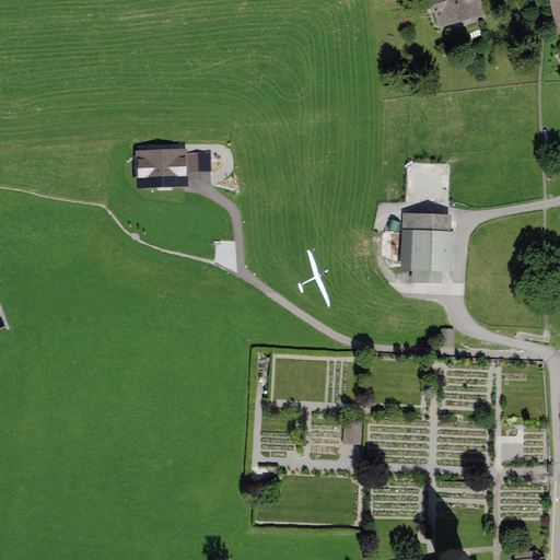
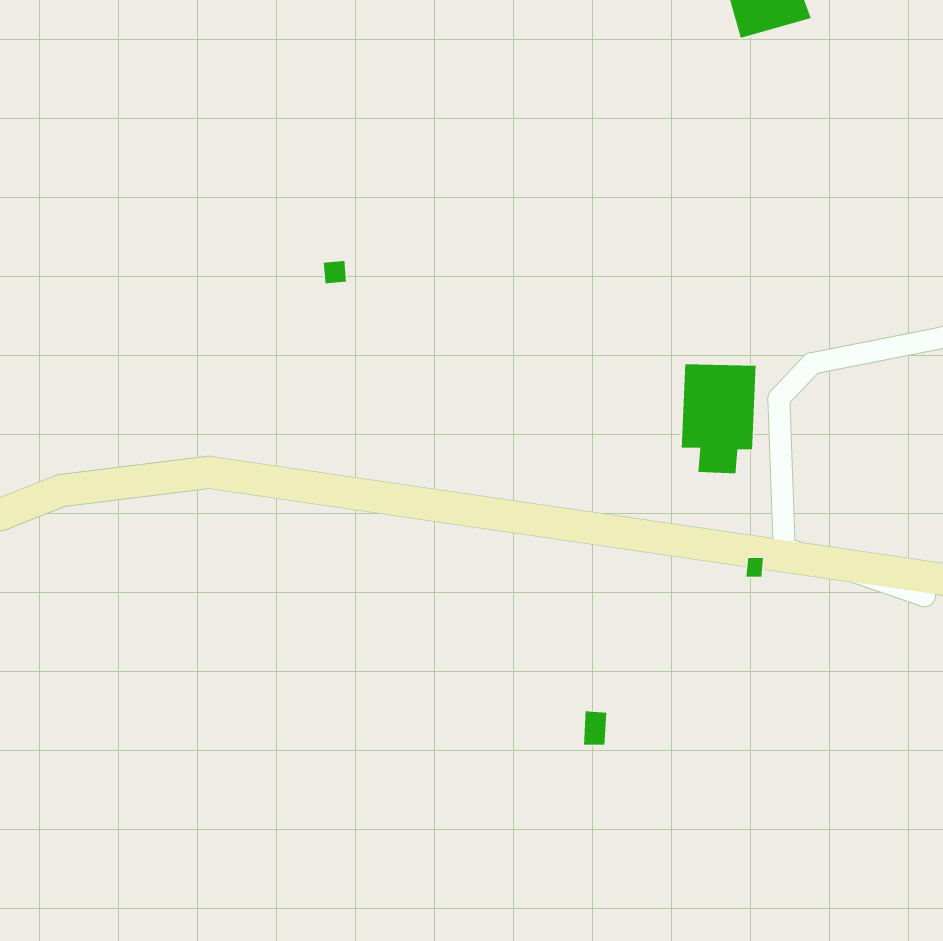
building: [138,147,177,176] -> none

